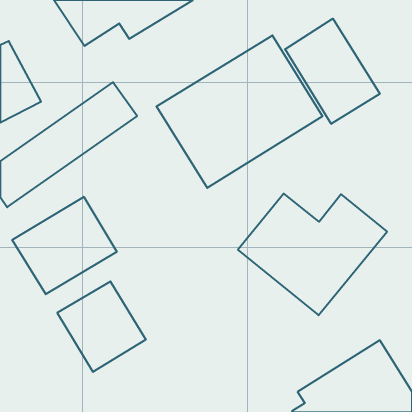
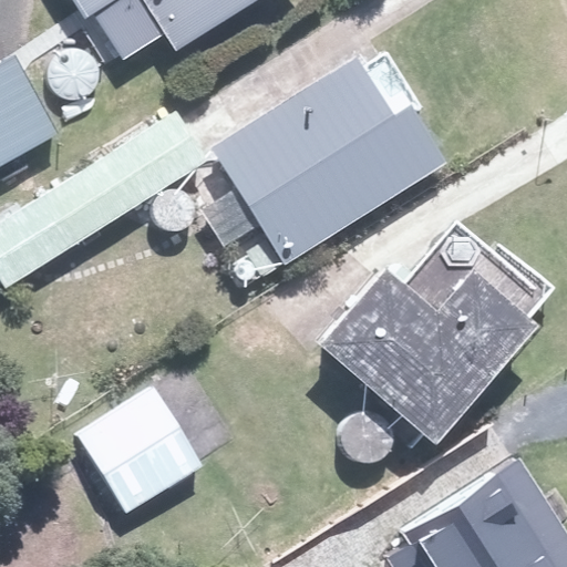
building: [285,19,380,124] -> none
building: [12,197,117,294] -> none

